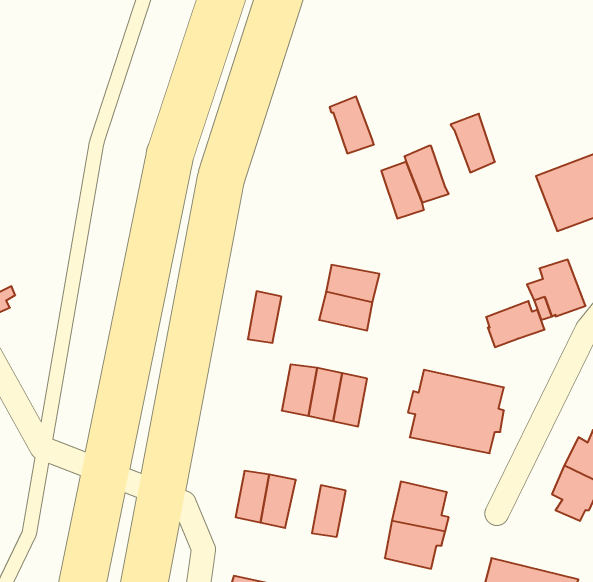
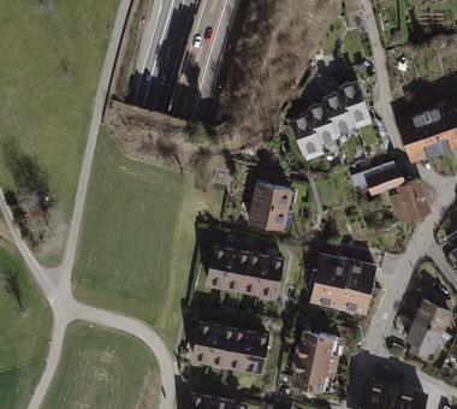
building: [330,96,374,153] -> [322,93,352,131]
building: [248,291,281,343] -> [207,248,230,283]
building: [486,301,545,347] -> [364,162,404,194]
building: none -> [226,330,250,366]

